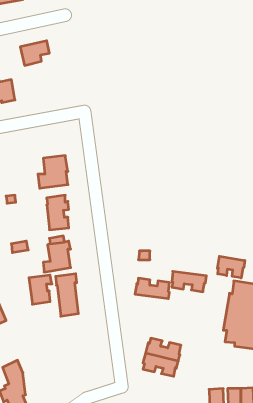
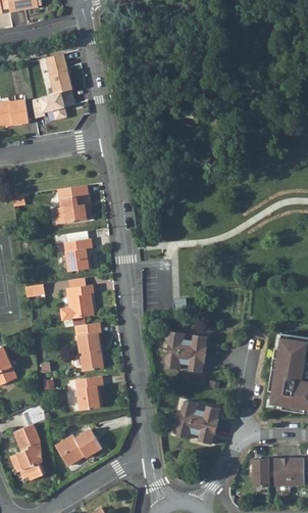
building: none -> [41,78,74,122]
building: [217,256,245,278] -> none
building: [172,271,206,292] -> [166,347,206,371]
building: [29,275,52,304] -> [75,378,102,412]
building: none -> [54,431,101,469]

